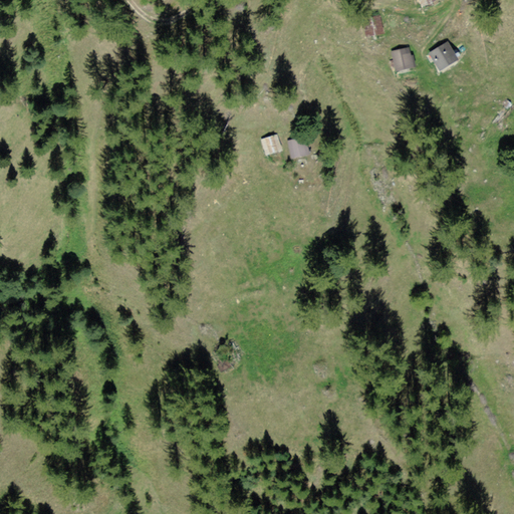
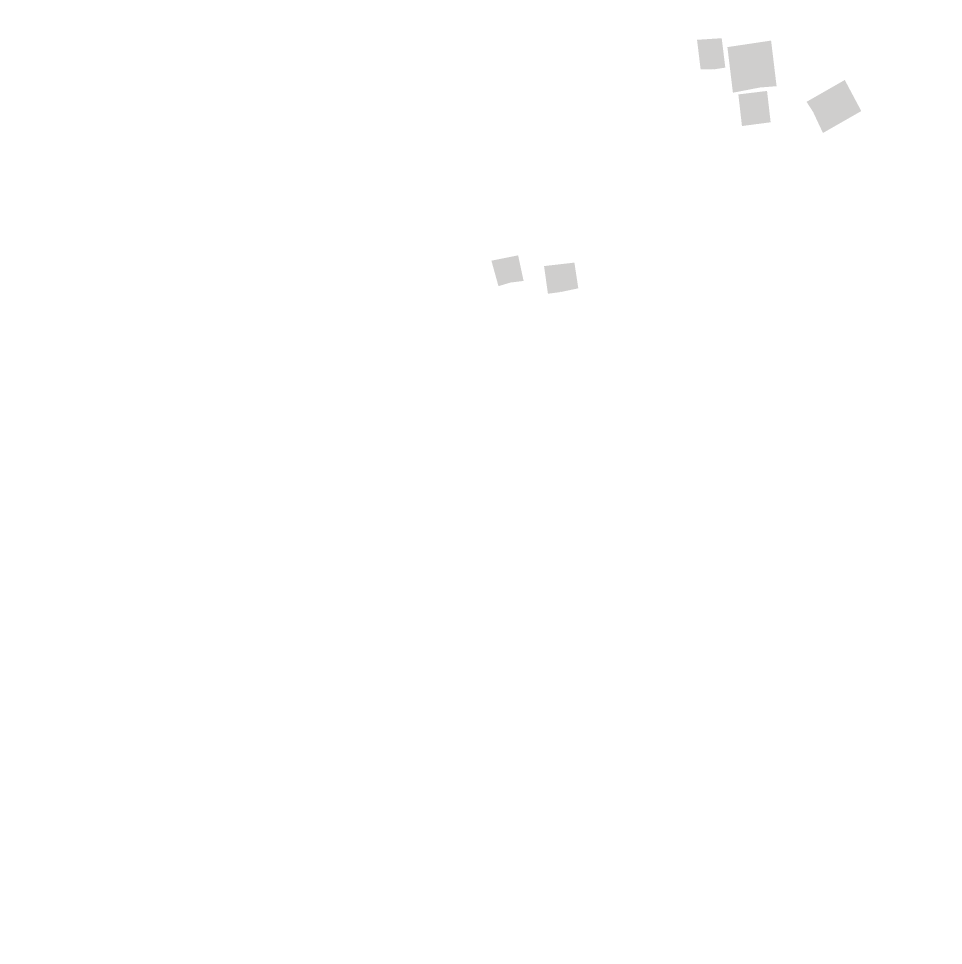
building: none -> [727,40,777,93]

